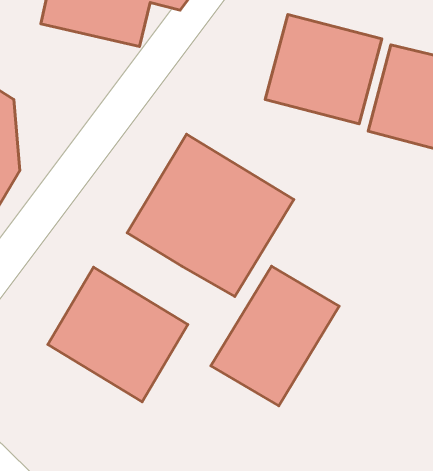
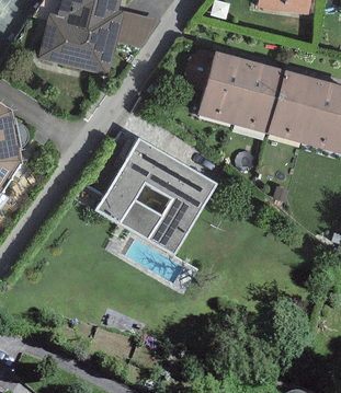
building: [211,266,339,406] -> none
building: [48,267,188,402] -> none

